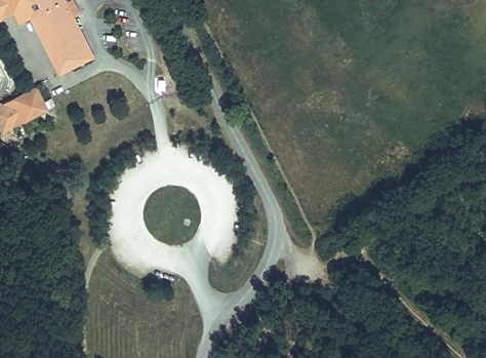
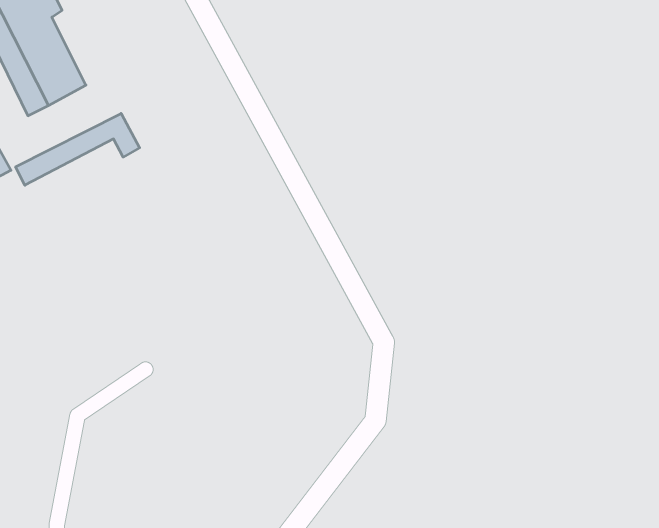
building: none -> [16,113,140,185]

